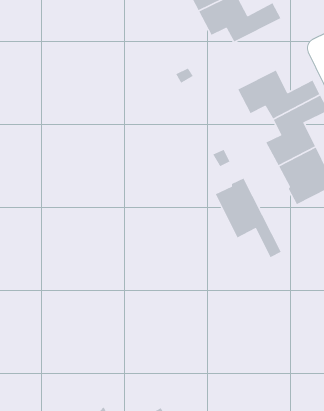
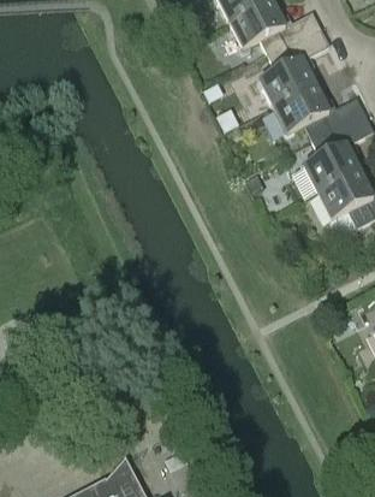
building: none -> [260,28,329,106]
building: [215,178,282,258] -> none

